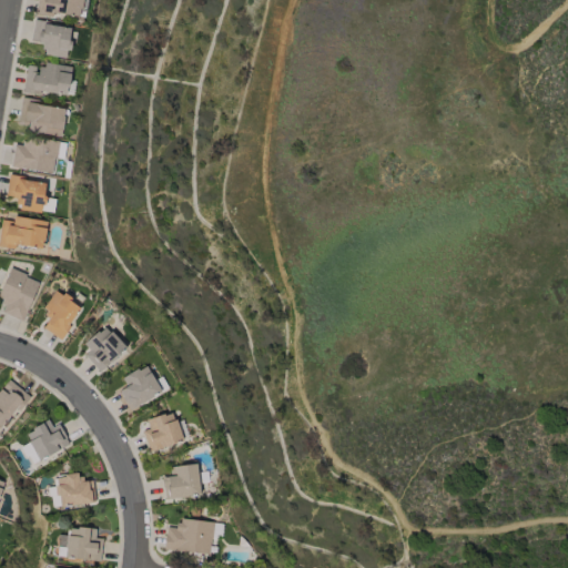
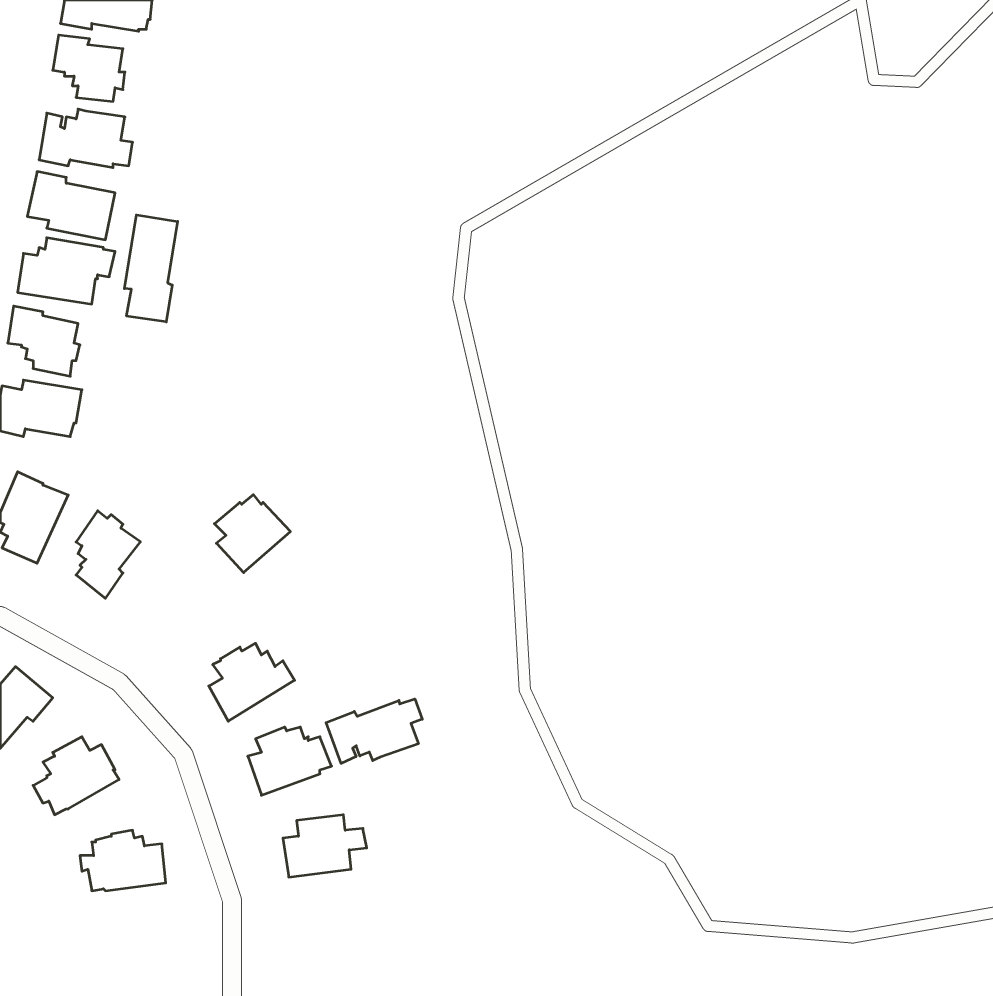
building: none -> [124,215,178,322]
building: [84,327,128,372] -> [214,495,290,573]
building: none -> [326,699,422,763]
building: [165,518,225,555] -> none
building: [59,527,104,562] -> none

